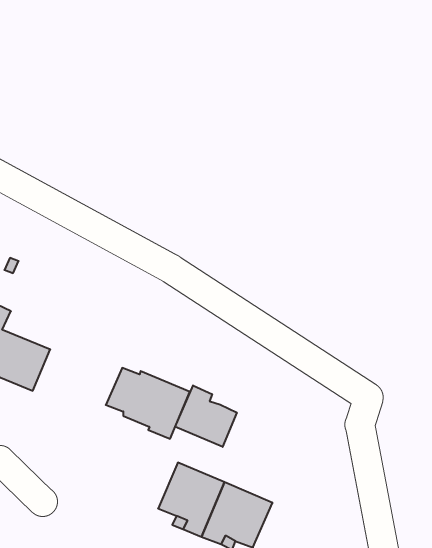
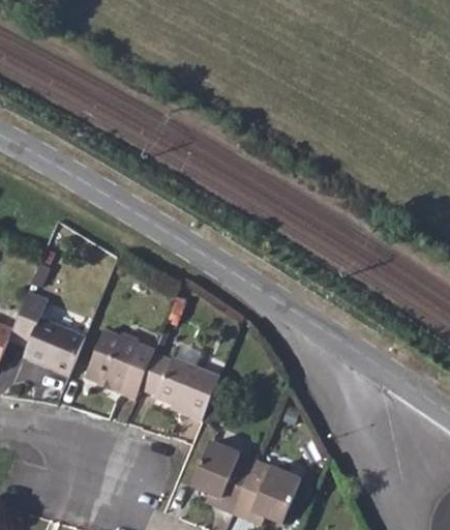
building: none -> [88,330,155,398]
building: [175,385,237,447] -> none

